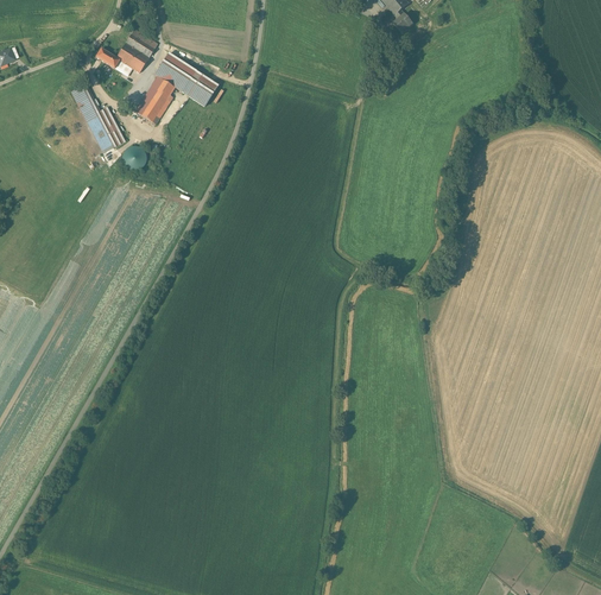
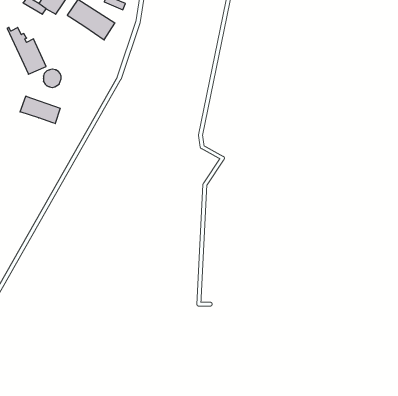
building: [135,75,178,124] -> none
building: none -> [20,96,60,124]

